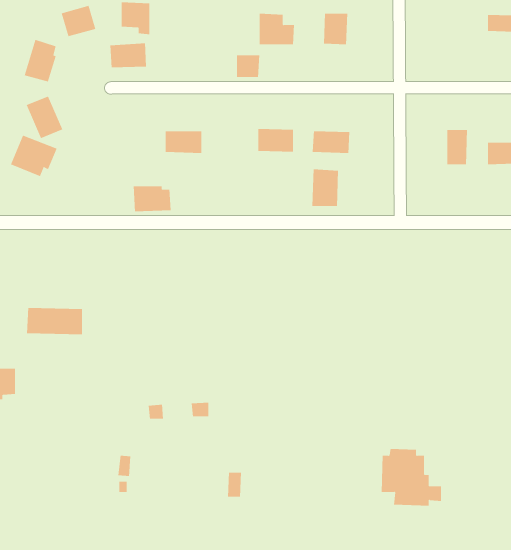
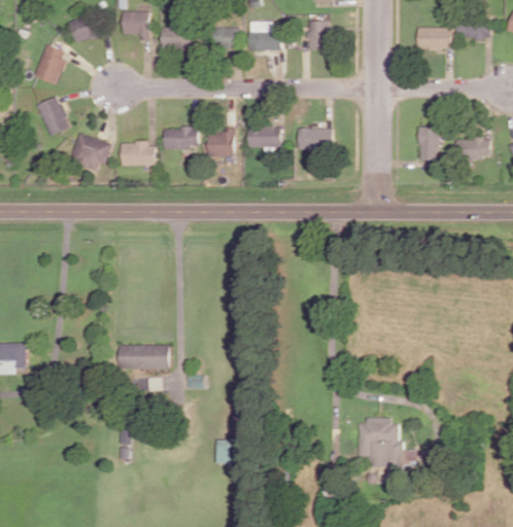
building: none -> [416,27,451,49]
building: [110,43,147,68] -> [161,26,195,48]
building: [236,55,260,78] -> [216,27,238,47]
building: none -> [207,128,234,155]
building: [10,135,58,177] -> [68,132,111,170]
building: [312,168,339,207] -> none
building: [133,186,171,212] -> [119,142,155,166]
building: [26,308,83,335] -> [117,344,169,368]

